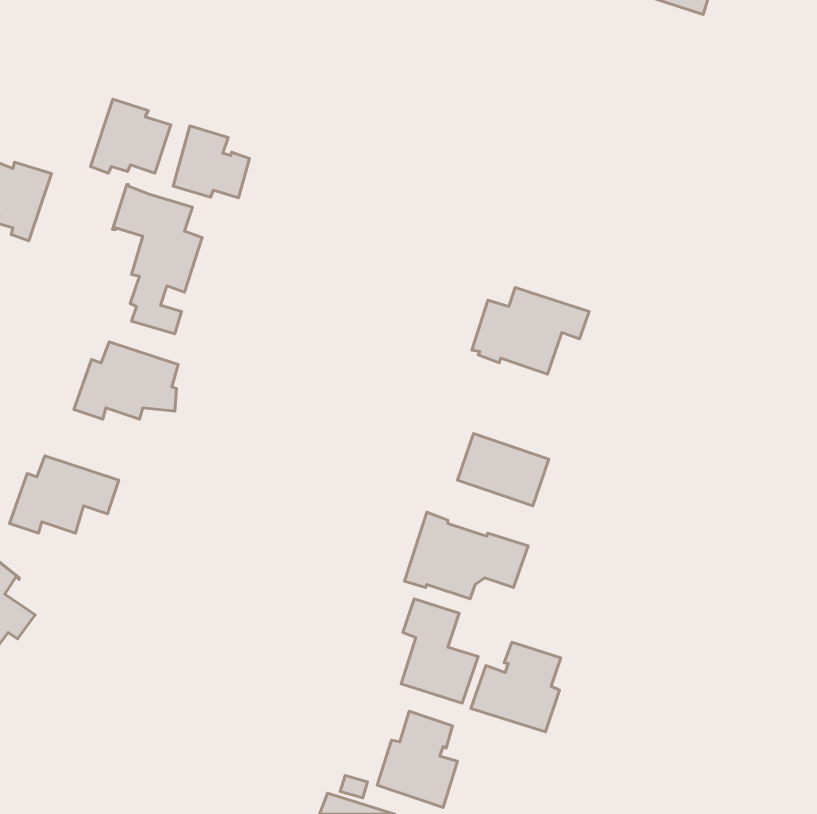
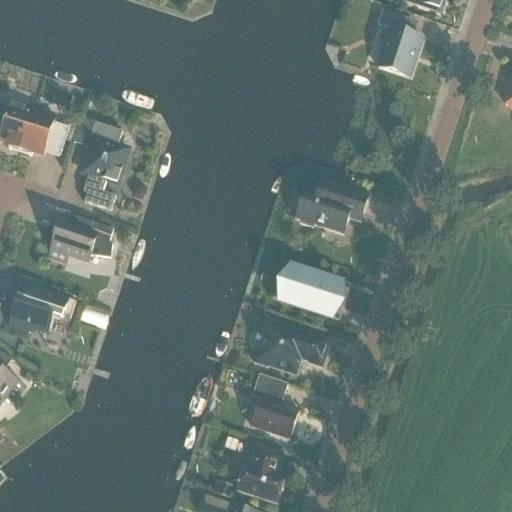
building: none -> [376,8,420,76]
building: [91,99,171,173] -> [18,108,68,154]
building: [173,126,250,198] -> none
building: [471,642,561,732] -> none

